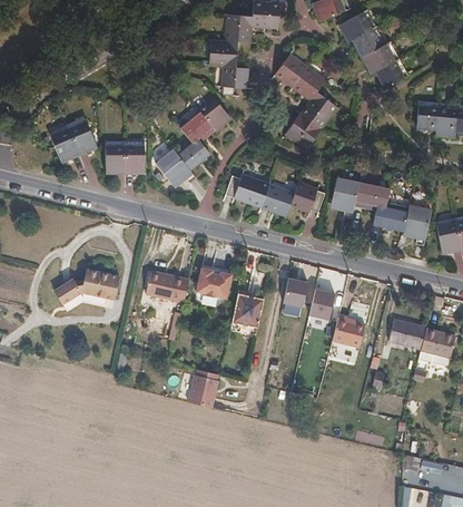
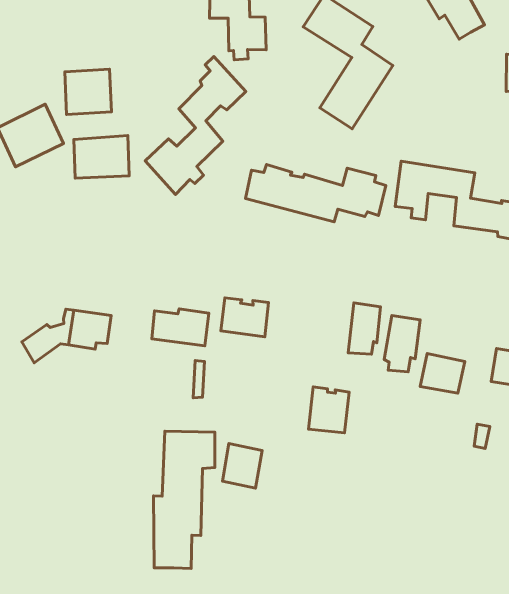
building: none -> [65,69,111,115]
building: [234,290,265,324] -> [308,387,349,433]
building: none -> [153,431,215,569]

